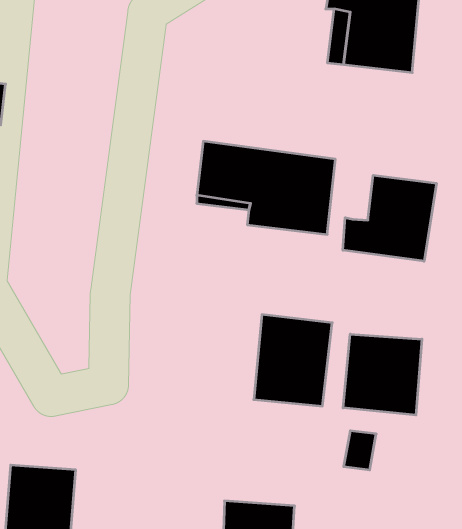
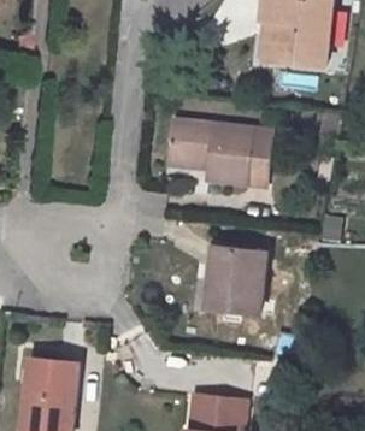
building: [343,175,436,261] -> none
building: [343,334,422,415] -> none

